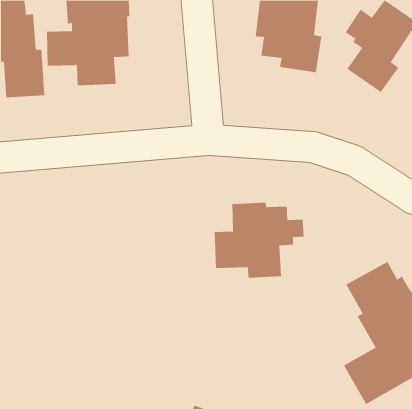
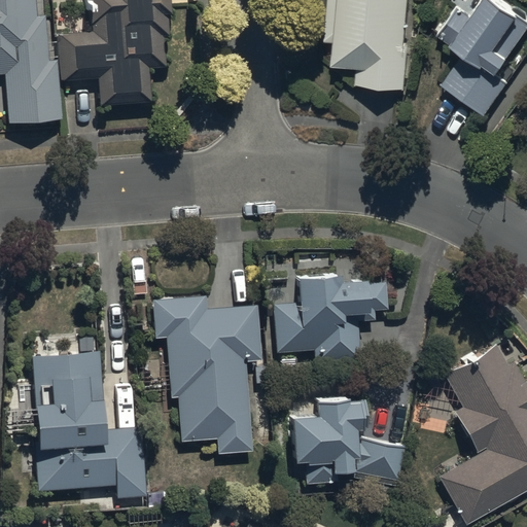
building: none -> [153,293,260,450]
building: none -> [30,347,145,494]
building: none -> [292,397,398,488]

